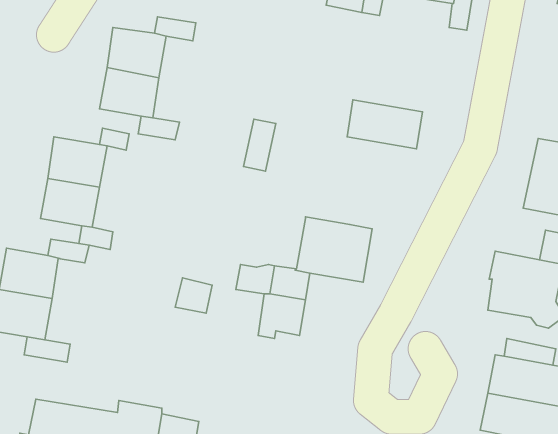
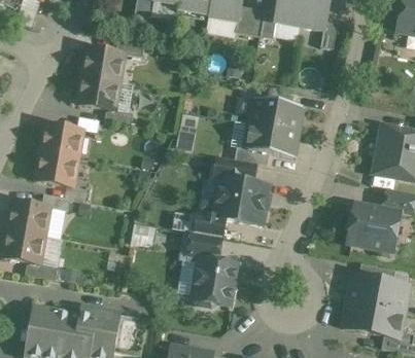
building: none -> [244,122,298,156]
building: none -> [214,156,254,183]
building: none -> [193,257,237,306]

